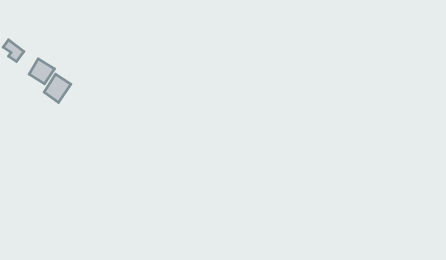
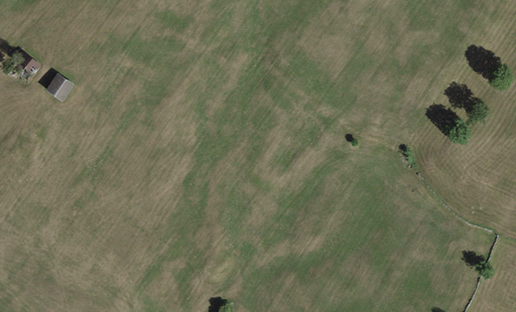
building: [44,74,71,102] -> none

